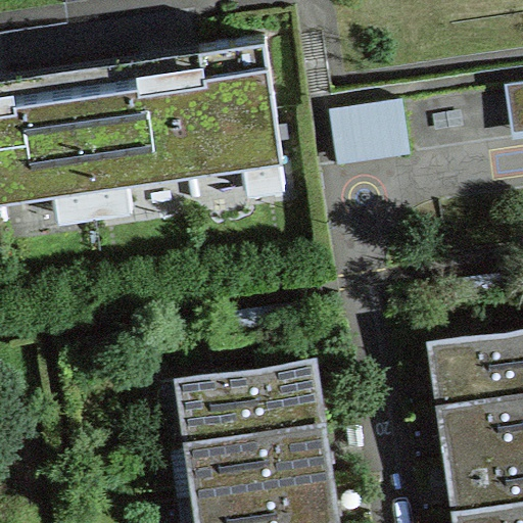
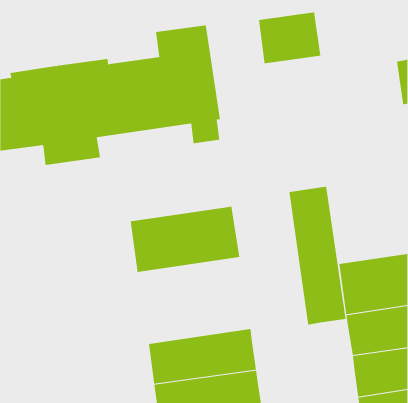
building: [330,99,411,165] -> [258,12,321,64]
building: none -> [289,186,346,325]
building: [180,362,321,446] -> [130,206,240,272]

